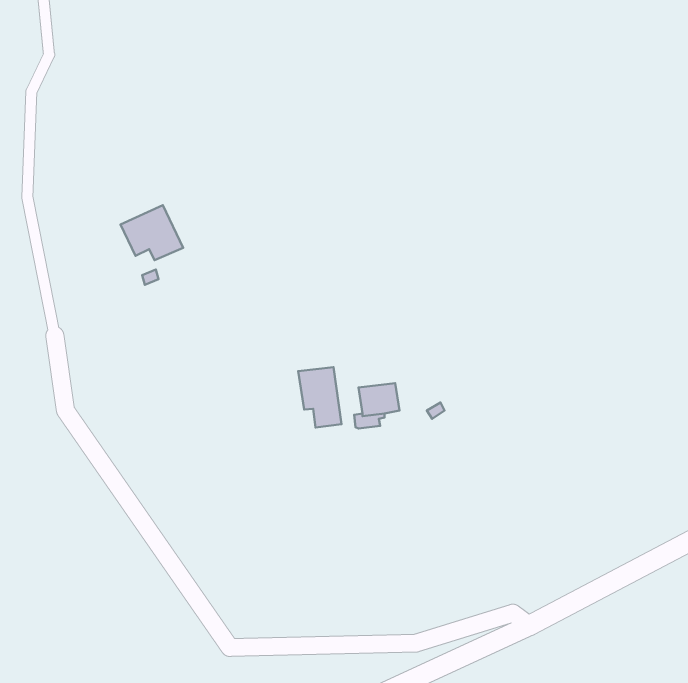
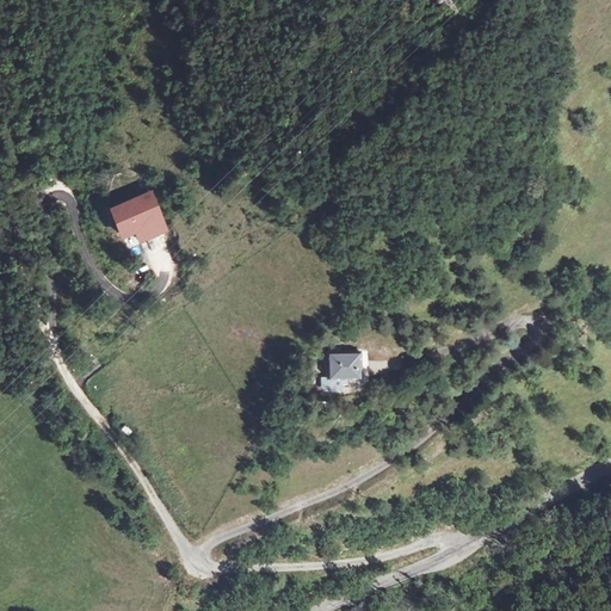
building: [298,367,341,428] -> none

